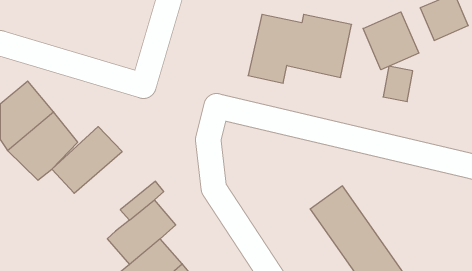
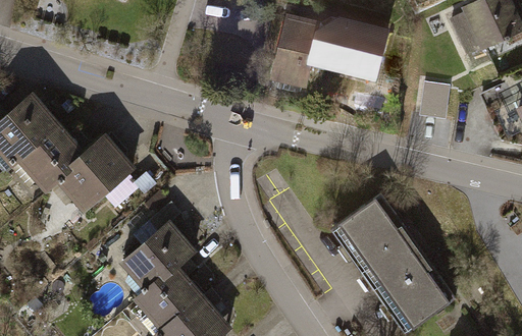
building: [363,12,419,70] -> none

